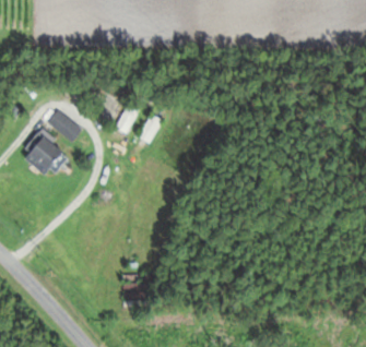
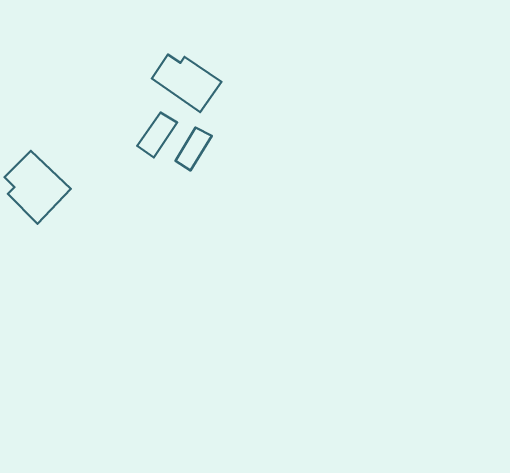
building: none -> [152,54,222,112]
building: [47,111,82,143] -> none

